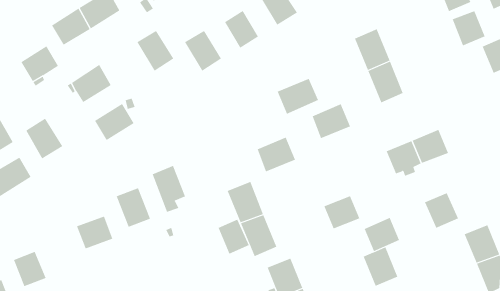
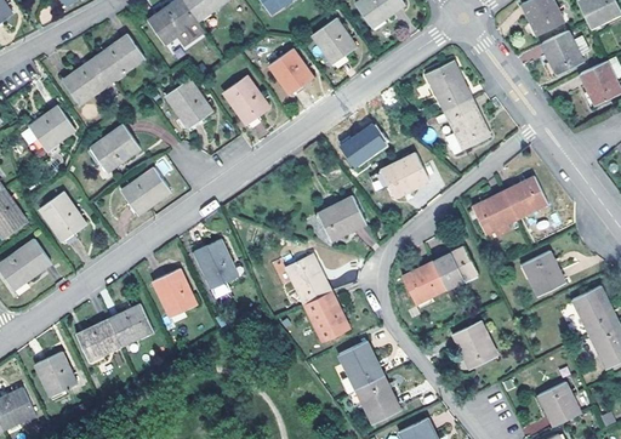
building: [364,217,400,252] -> [433,246,477,289]
building: [218,219,249,254] -> none
building: none -> [76,319,120,360]

